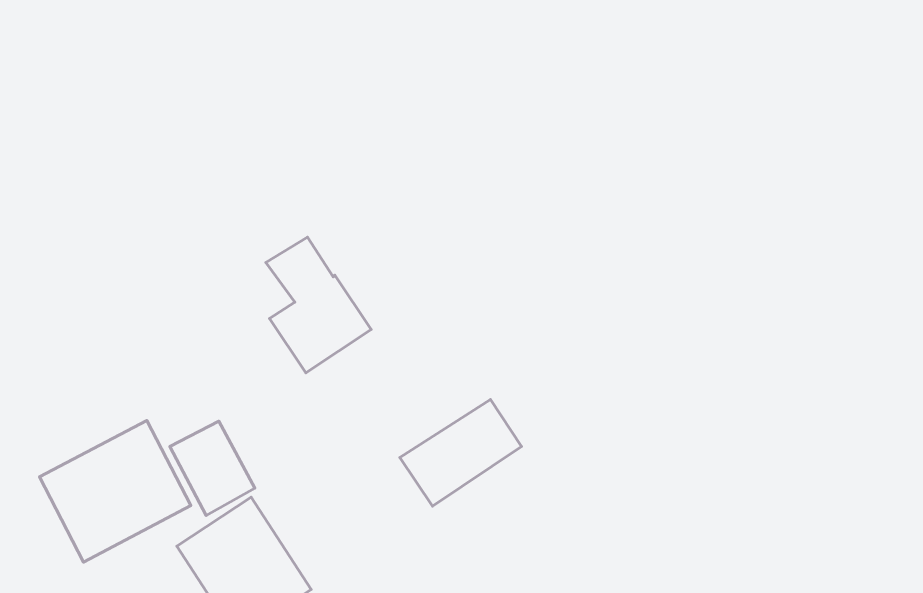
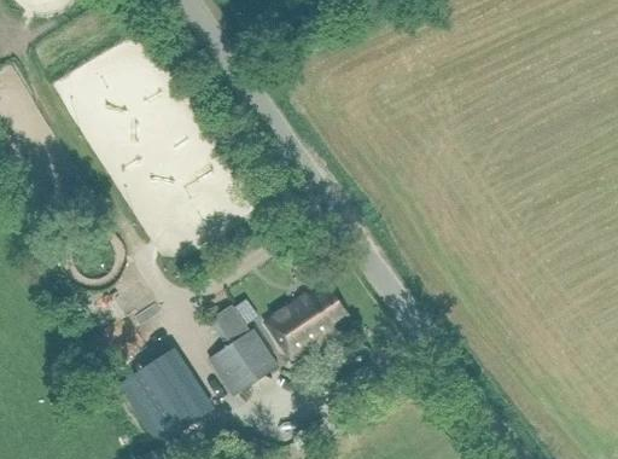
building: [266,237,371,373] -> [208,302,278,393]
building: [39,420,191,562] -> none

